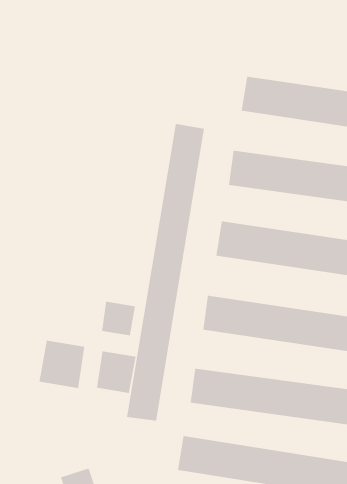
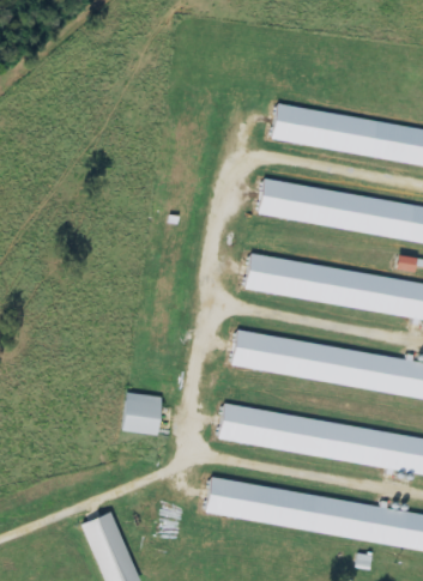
building: [127,123,204,422] -> none
building: [101,301,136,336] -> none
building: [39,340,85,389] -> none

